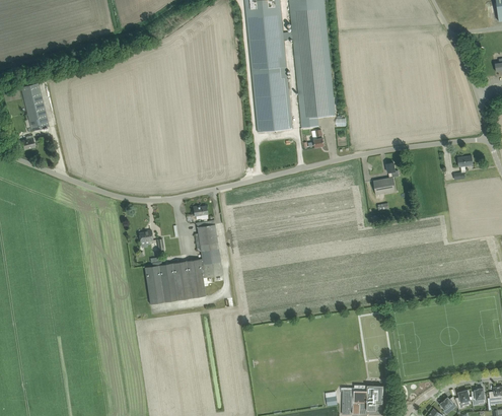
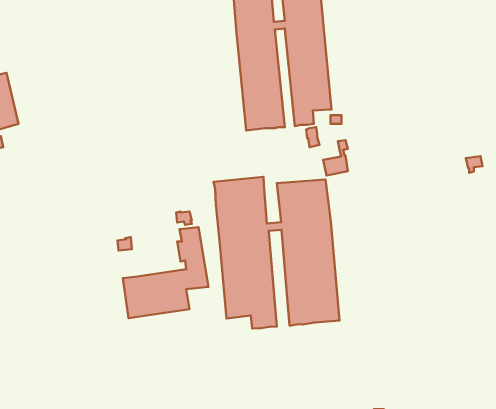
building: [372,162,395,195] -> [323,140,348,176]
building: none -> [214,177,340,329]

